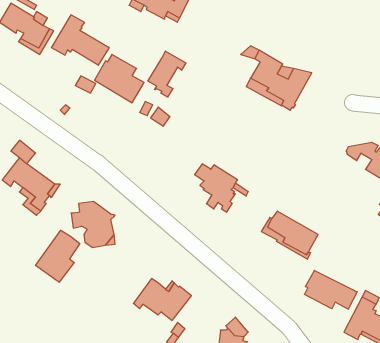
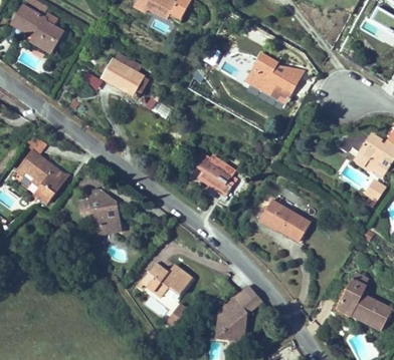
building: [51,15,109,65] -> none
building: [148,51,186,97] -> none
building: [36,230,80,282] -> none
building: [304,270,357,309] -> none
building: none -> [233,285,261,312]

